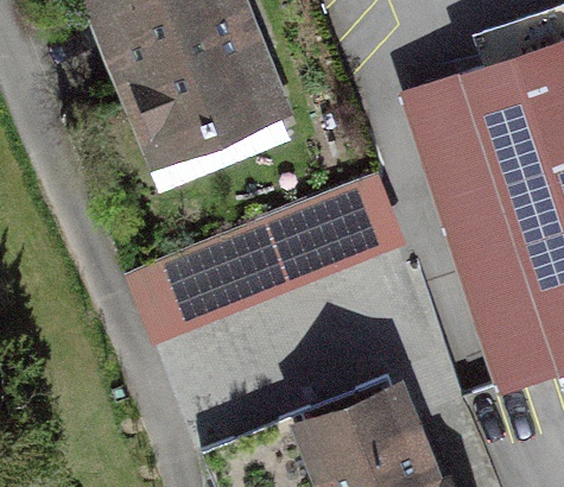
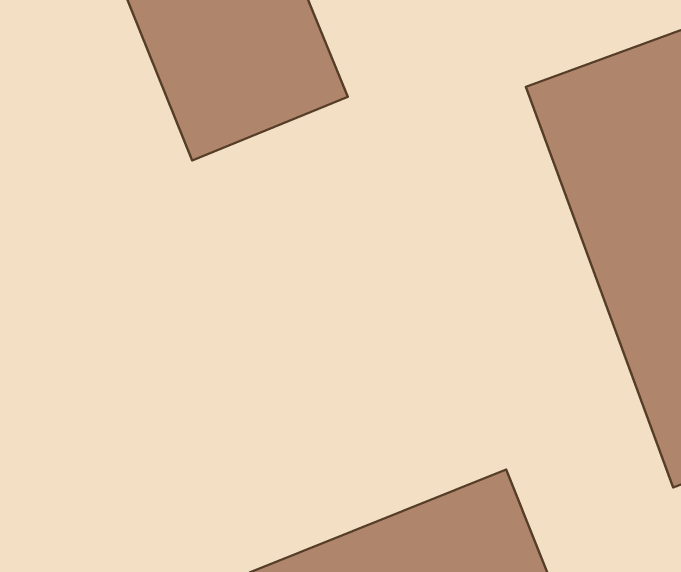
building: [148,185,412,340] -> none

